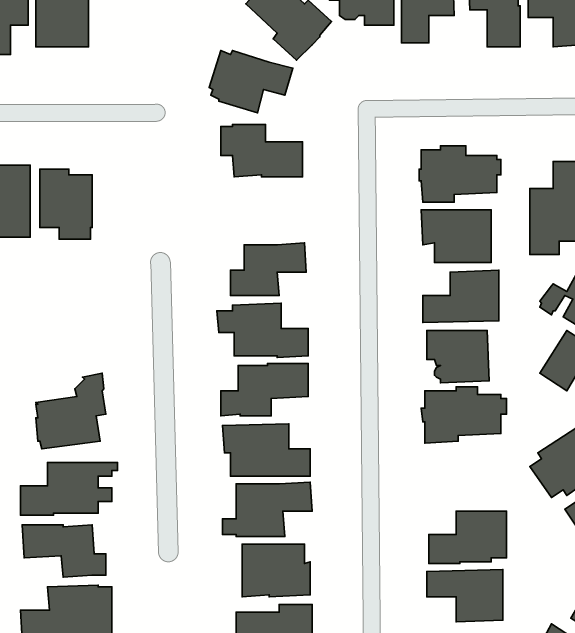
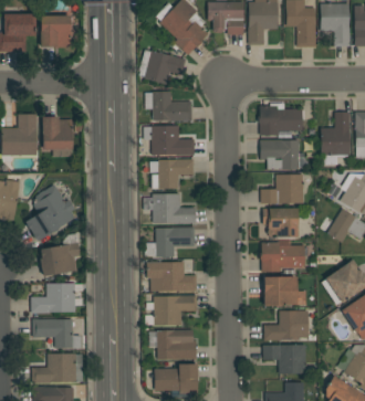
building: none -> [144,126,194,156]
building: none -> [25,184,75,241]
building: none -> [263,277,305,307]

